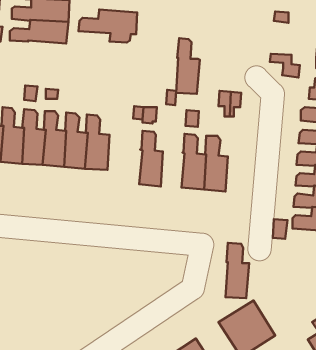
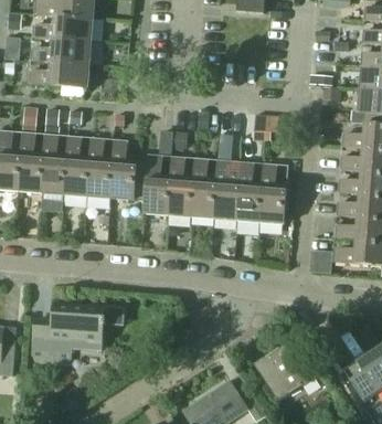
building: [78,10,137,42] -> [28,60,91,95]
building: [176,38,200,94] -> [192,158,217,218]
building: none -> [135,155,172,214]
building: [226,243,249,298] -> [262,163,287,223]
building: none -> [32,303,106,364]

